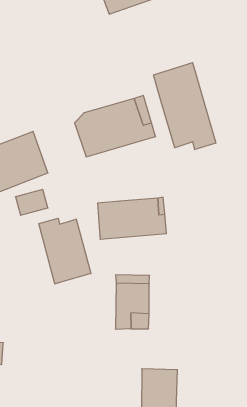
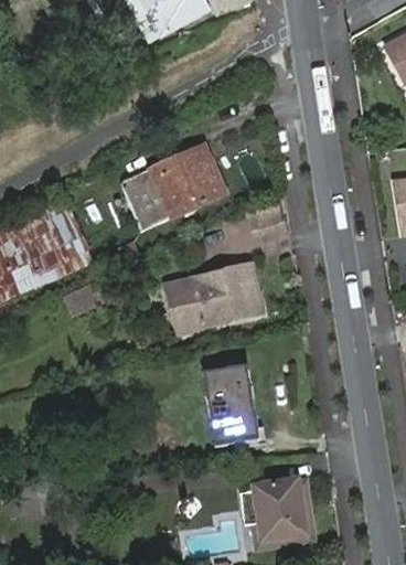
building: [153,63,216,150] -> none
building: [39,218,91,284] -> none

